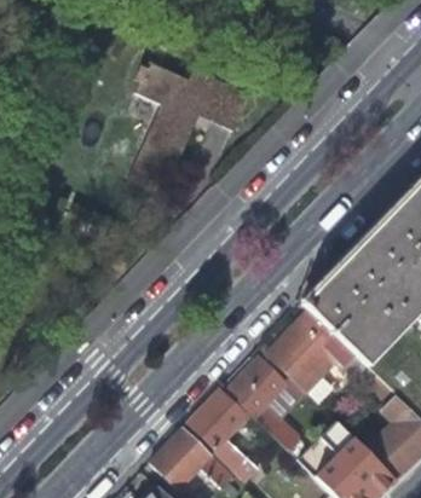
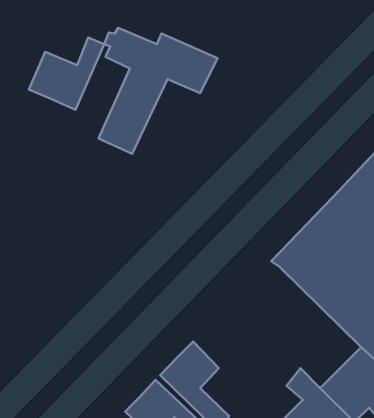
building: none -> [29,38,104,110]
building: [269,313,396,409] -> none
building: [229,359,301,451] -> none

